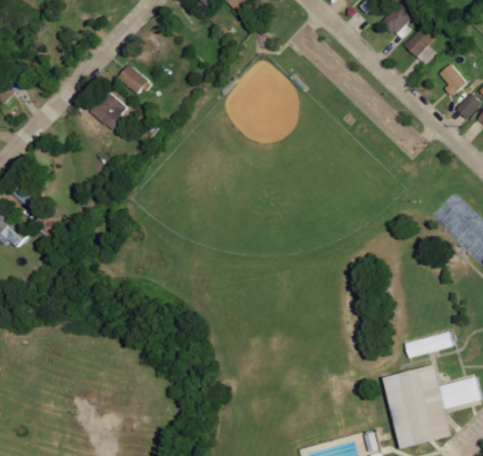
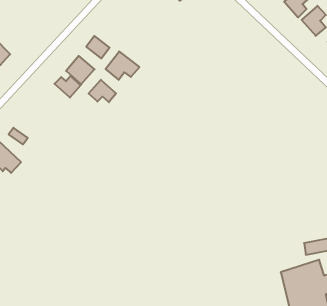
building: none -> [106,51,139,80]
building: none -> [54,76,81,98]
building: none -> [89,80,116,102]

